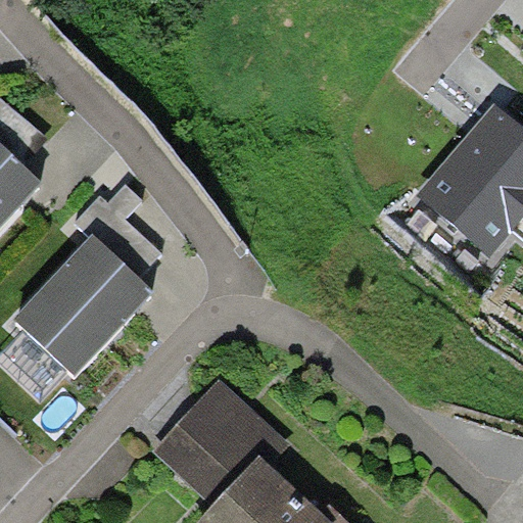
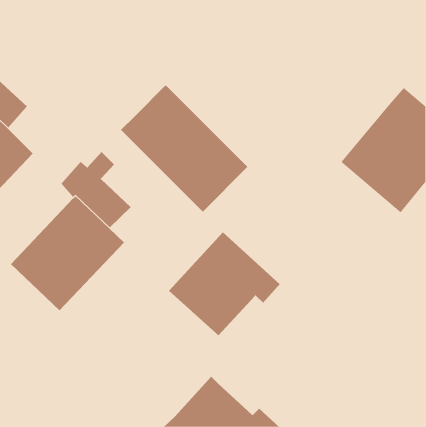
building: none -> [120,84,248,212]
building: [151,379,288,507] -> [168,231,281,336]

